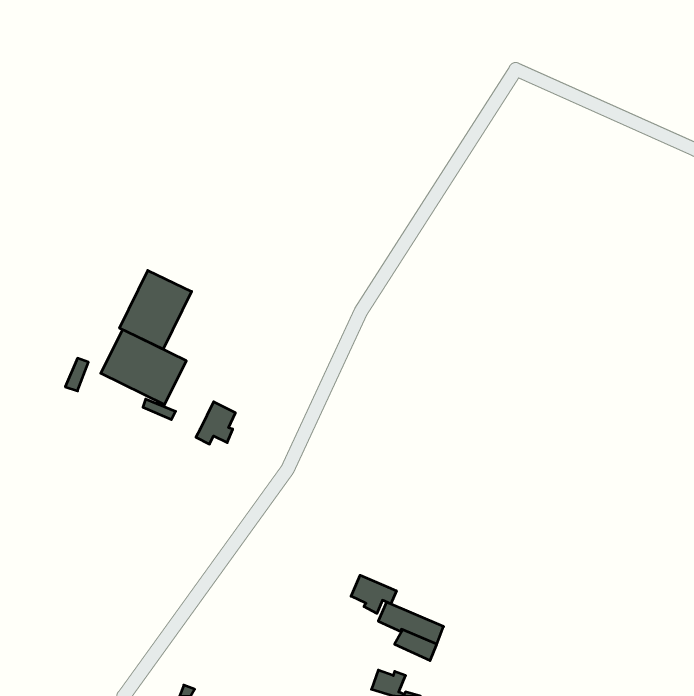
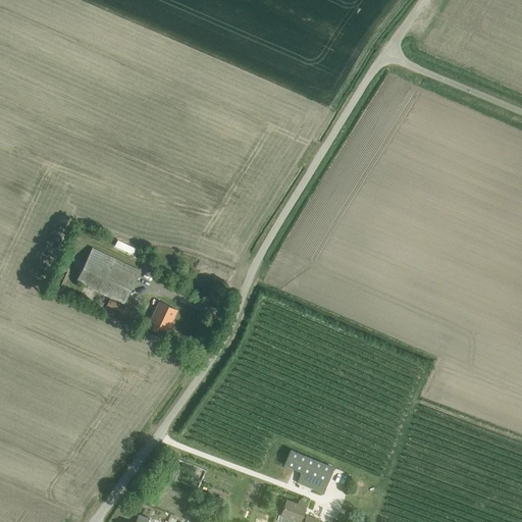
building: [120,270,192,349] -> none
building: [351,575,396,613] -> none

